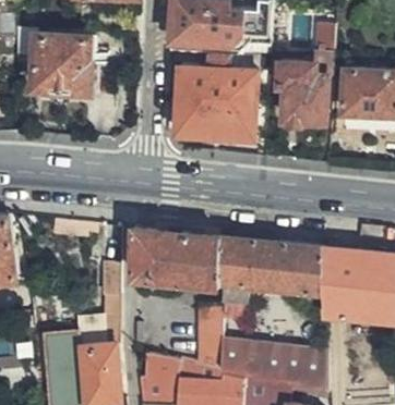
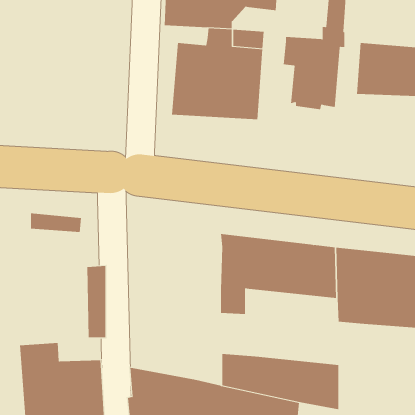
building: [35,34,113,103] -> none
building: [133,228,220,296] -> none
building: [196,306,220,371] -> none

